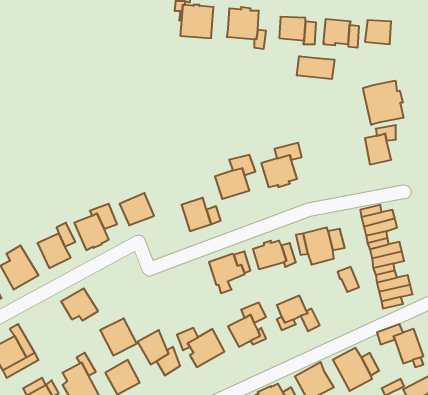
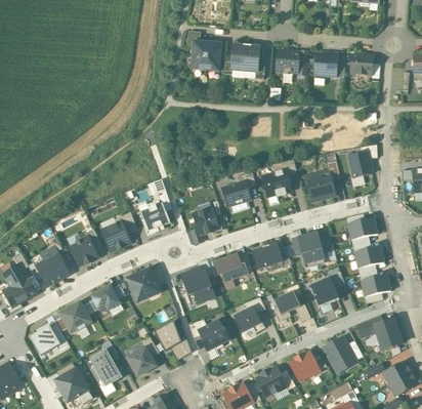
building: [297,56,334,79] -> none
building: [363,81,404,125] -> none
building: none -> [306,167,343,203]
building: none -> [178,267,214,306]
building: none -> [309,277,338,306]
building: none -> [57,303,88,334]
building: [100,318,137,355] -> [128,269,160,300]

